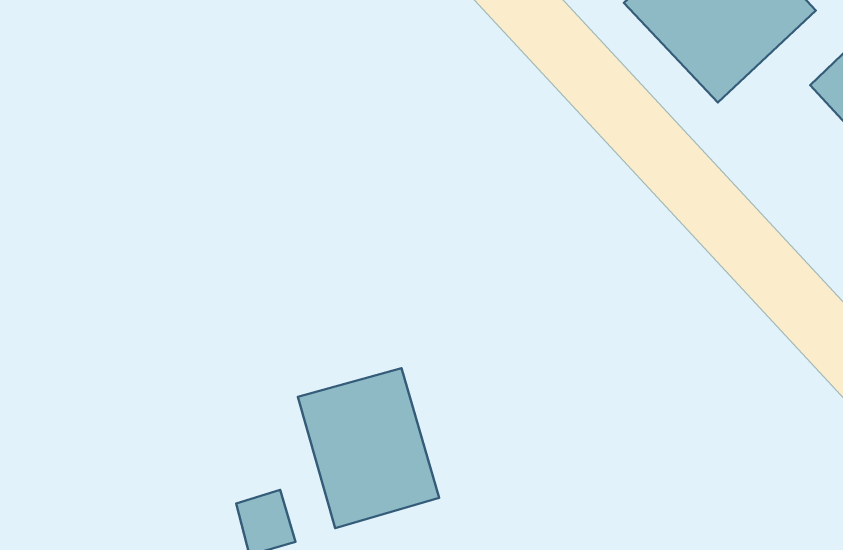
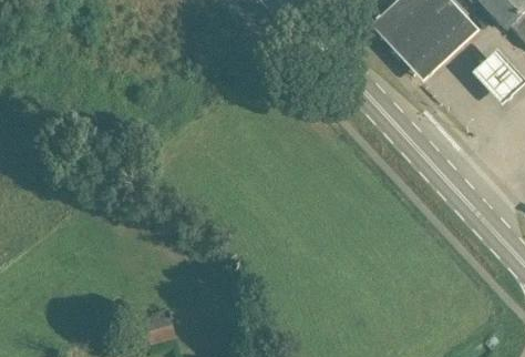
building: [298,368,439,528] -> none

